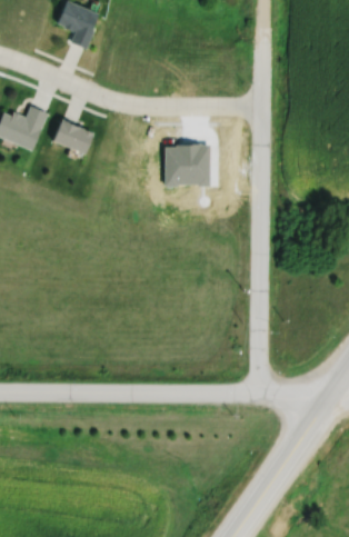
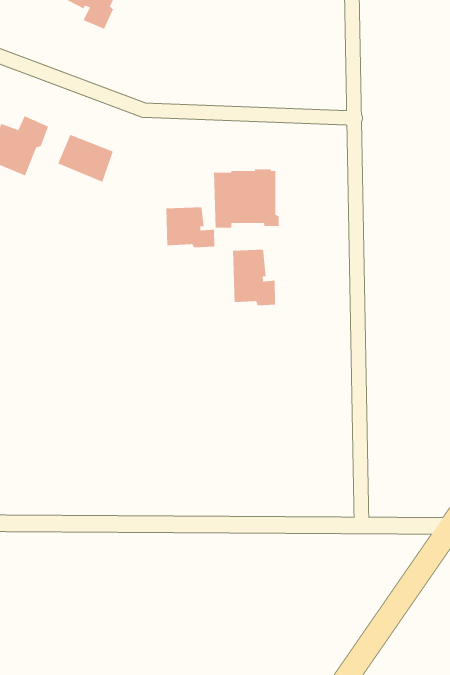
building: none -> [165,207,215,248]
building: none -> [232,249,276,306]

